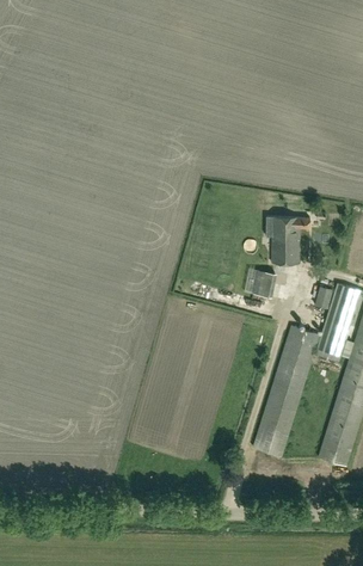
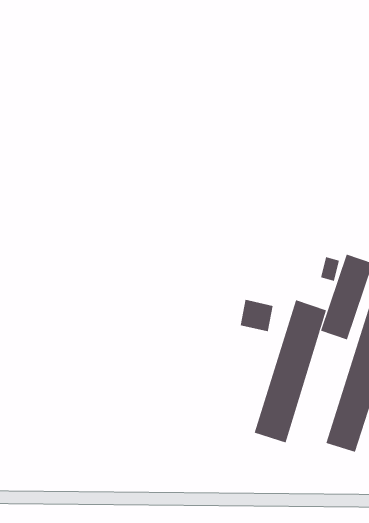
building: [264,216,312,263] -> none
building: [242,267,273,297] -> [240,299,274,332]

